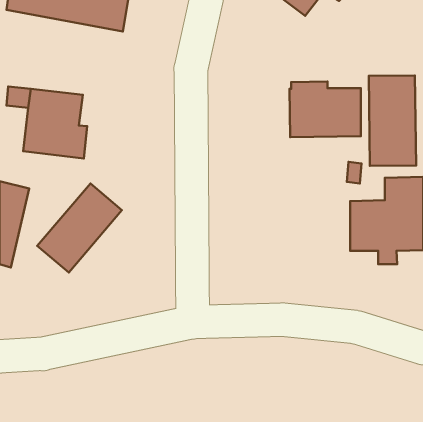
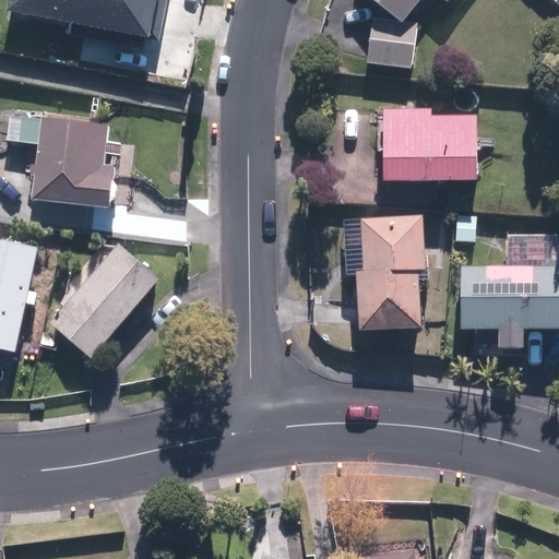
building: none -> [366,20,416,68]
building: [369,76,416,166] -> none
building: none -> [356,214,425,330]

